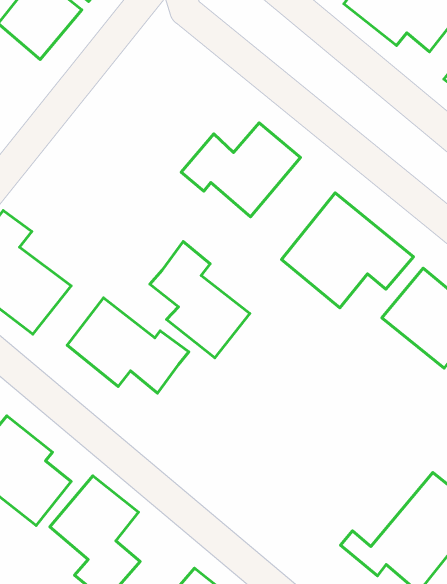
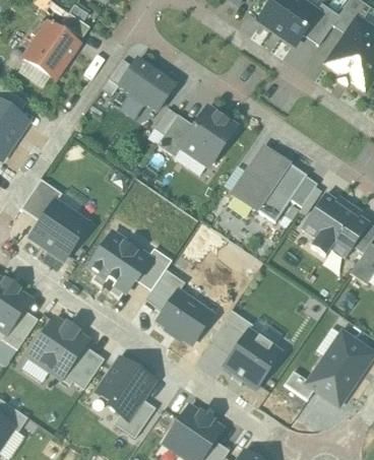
building: none -> [95,61,175,119]
building: [150,242,250,358] -> [147,272,215,347]
building: none -> [210,315,283,389]

